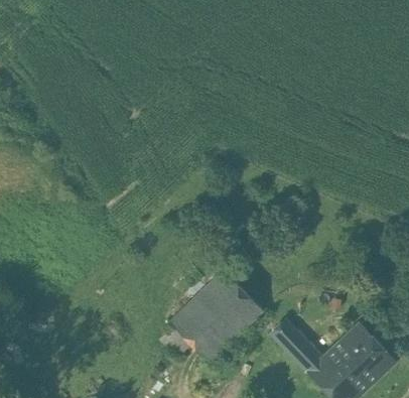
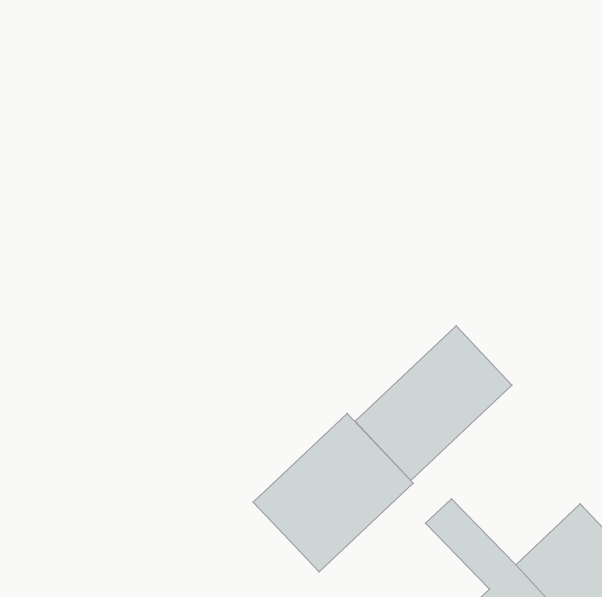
building: none -> [355,326,512,481]

